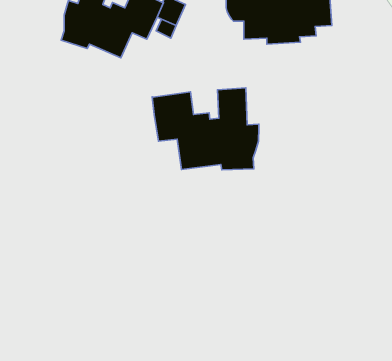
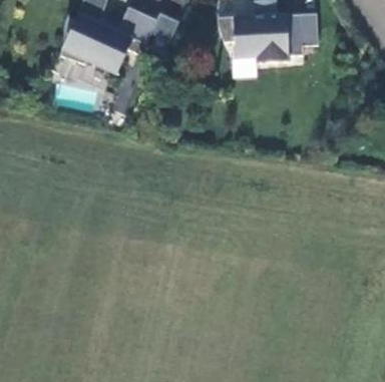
building: [152,88,259,170] -> none

